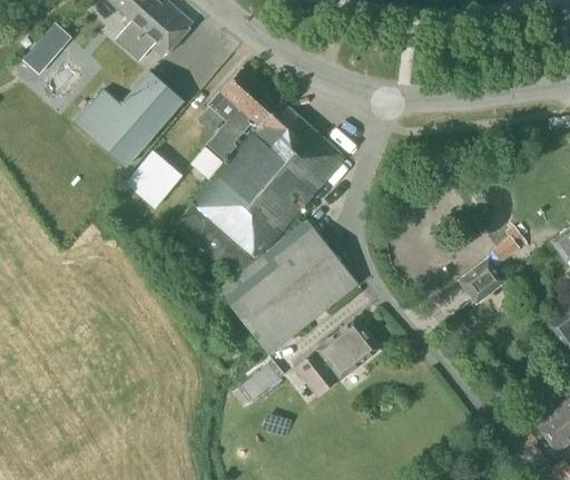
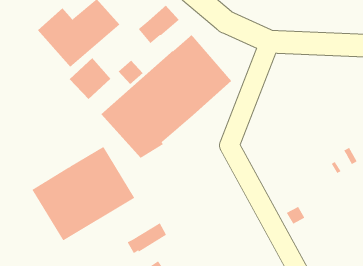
building: [206,85,282,160] -> none
building: [217,221,357,355] -> [32,146,135,241]
building: [456,256,508,305] -> none
building: [293,320,377,398] -> none

